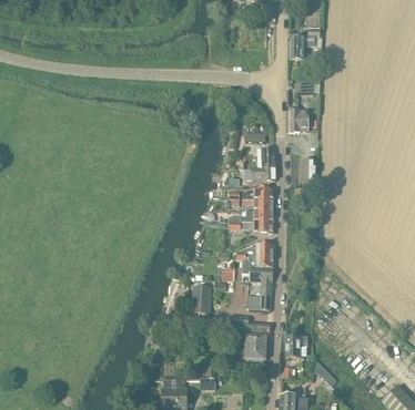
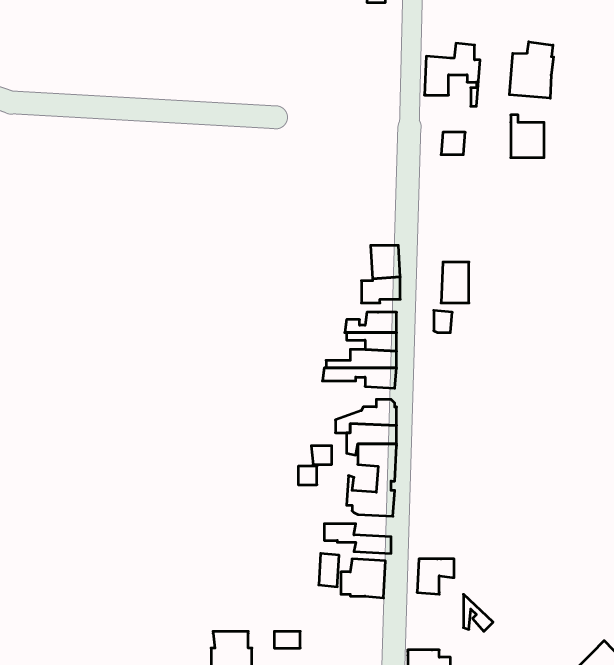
building: none -> [509,42,554,98]
building: [289,105,308,131] -> [511,115,544,158]
building: [185,286,211,329] -> none

